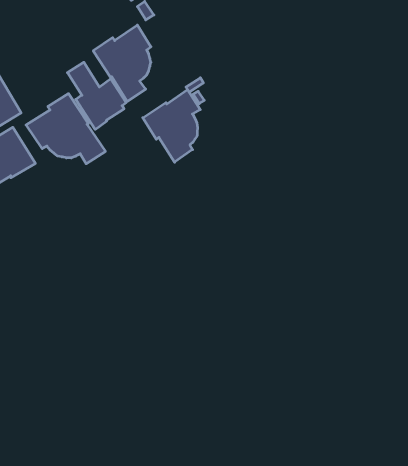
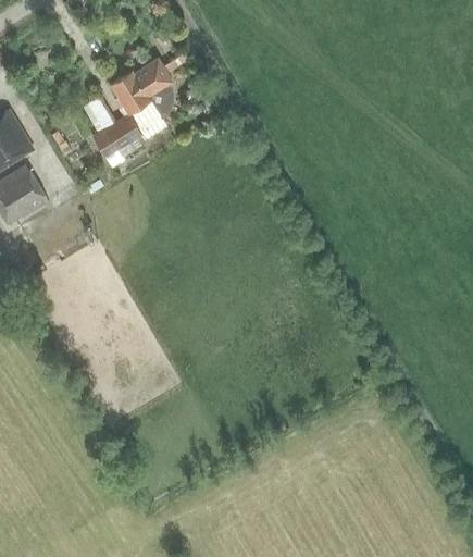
building: [143,90,200,162] -> none
building: [26,94,105,164] -> none

